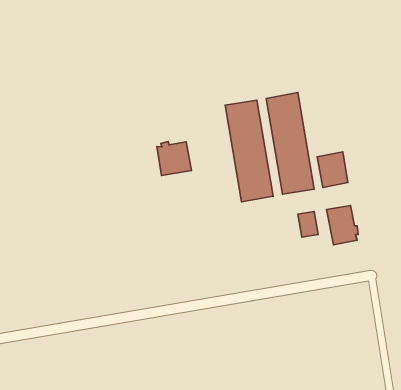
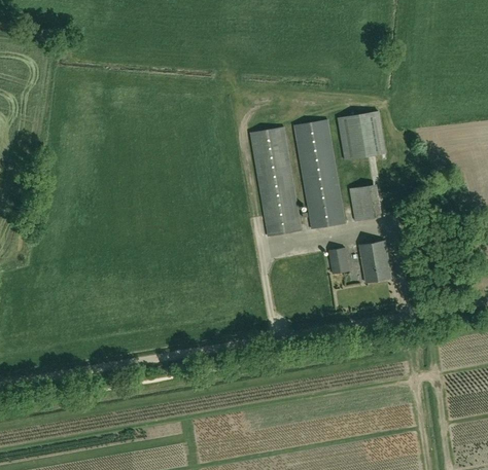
building: none -> [338,111,385,159]
building: [157,141,192,176] -> none

